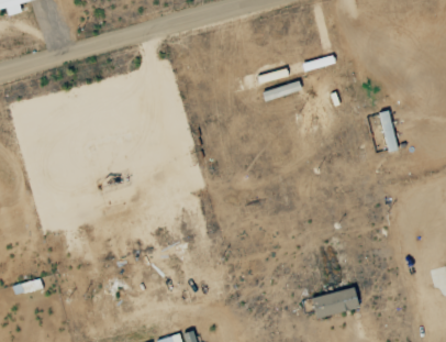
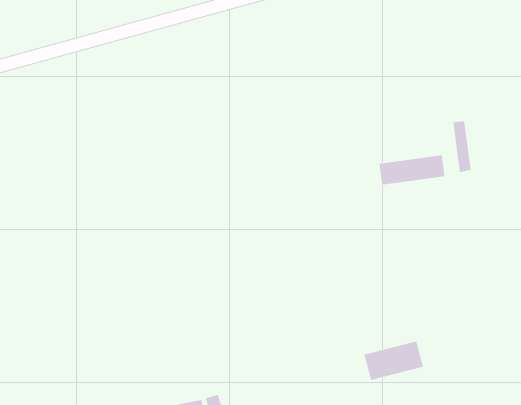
building: none -> [379,155,445,185]

